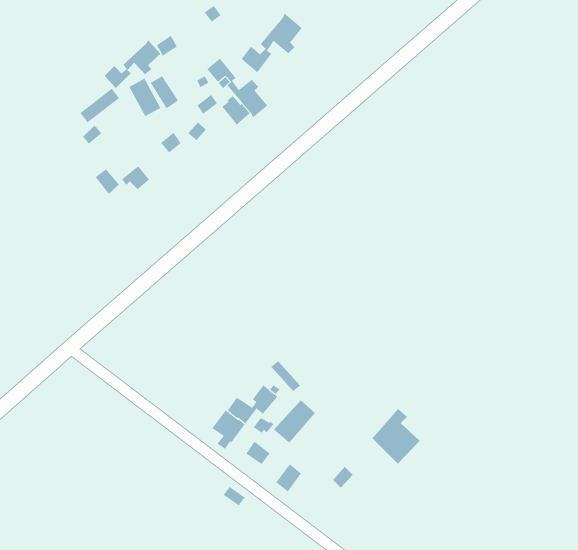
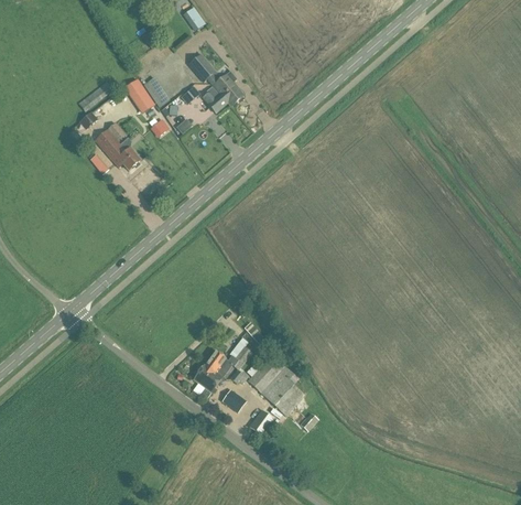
building: [241,12,302,73] -> none
building: [104,39,161,89] -> none
building: none -> [95,122,128,161]
building: [371,408,420,465] -> [262,365,305,415]

